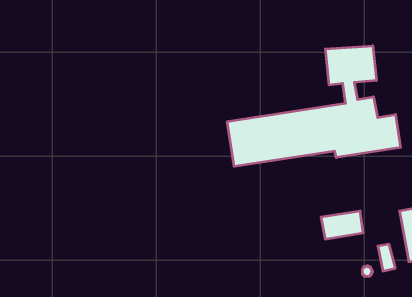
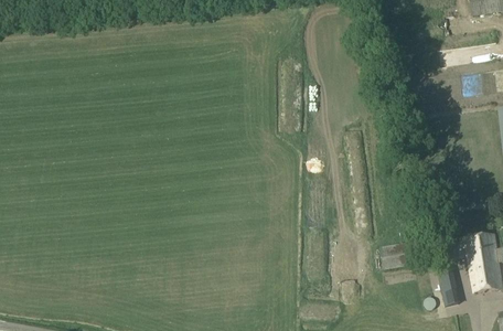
building: [227,46,401,166] -> none

